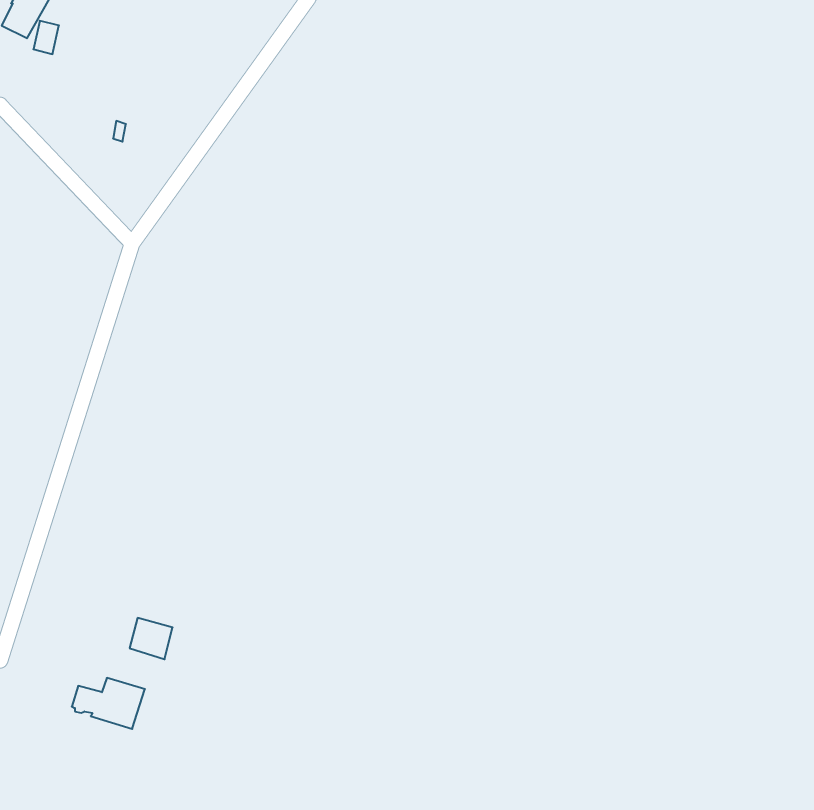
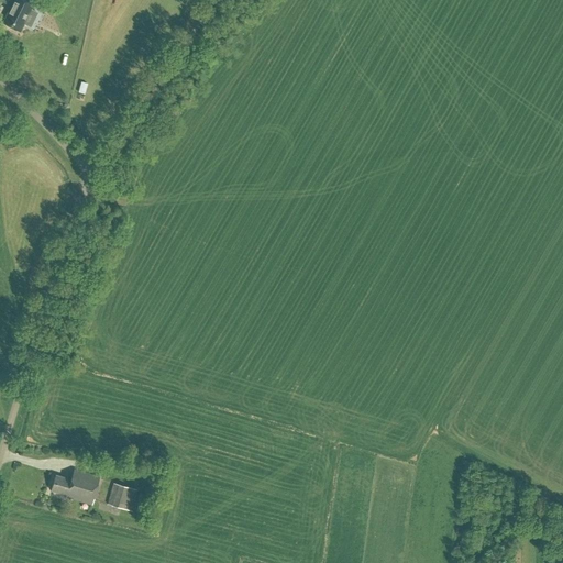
building: [130,618,173,659] -> [108,482,137,510]

